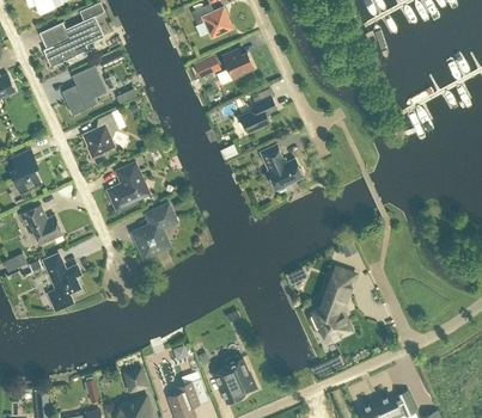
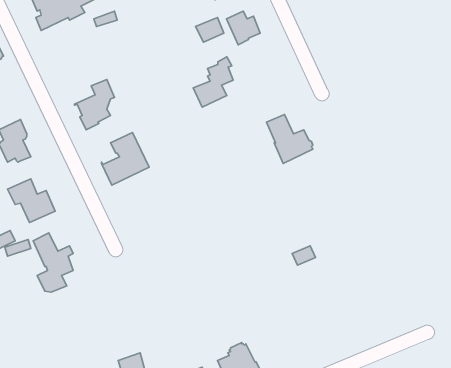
building: [65,63,106,113] -> none
building: [239,86,276,133] -> [193,57,233,107]
building: [132,205,171,257] -> none
building: [311,268,354,339] -> none

